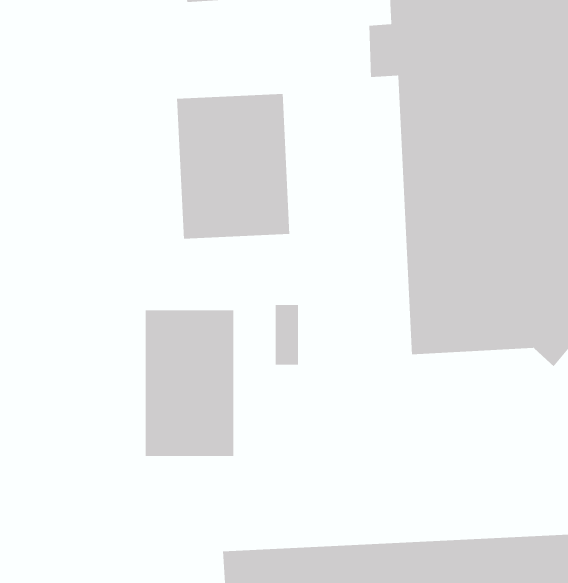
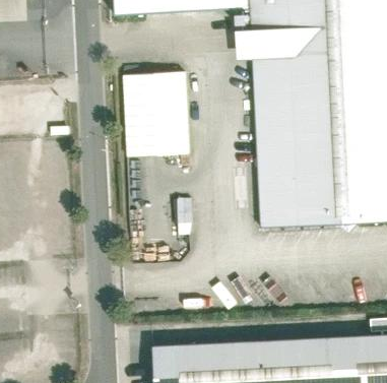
building: [145,310,234,457] -> none

